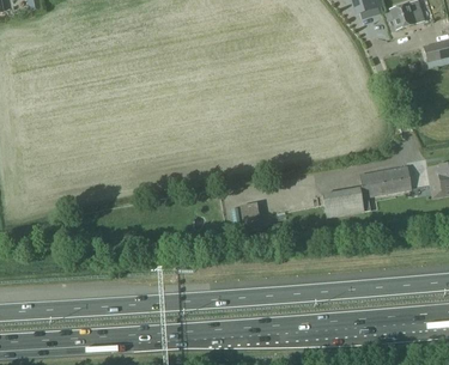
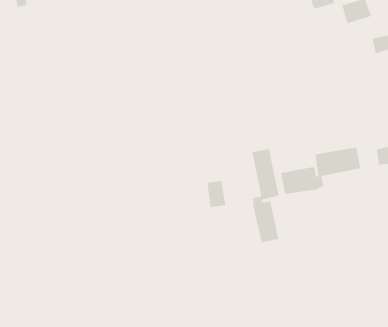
building: none -> [252,148,279,243]

